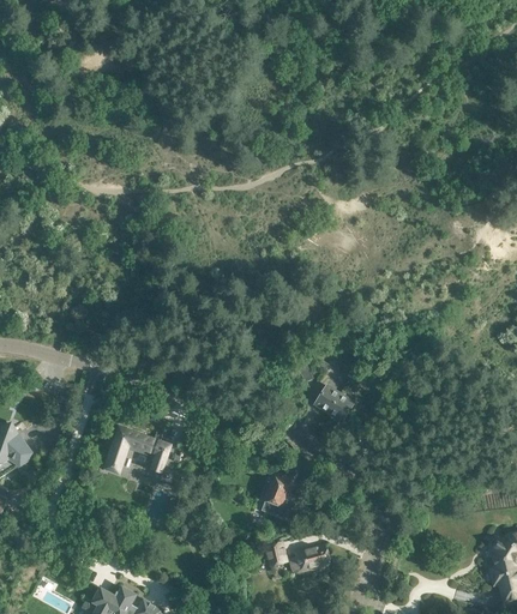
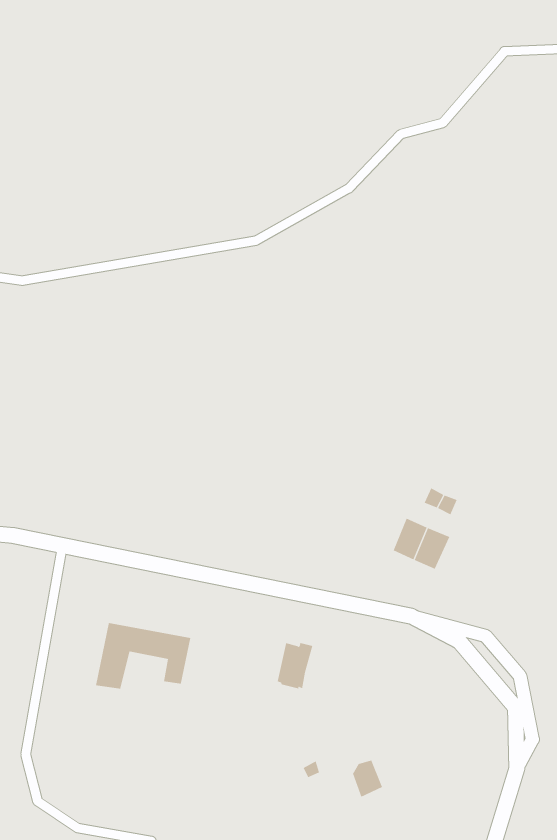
building: [264,474,291,506] -> [277,642,313,689]
building: [288,546,329,573] -> none

